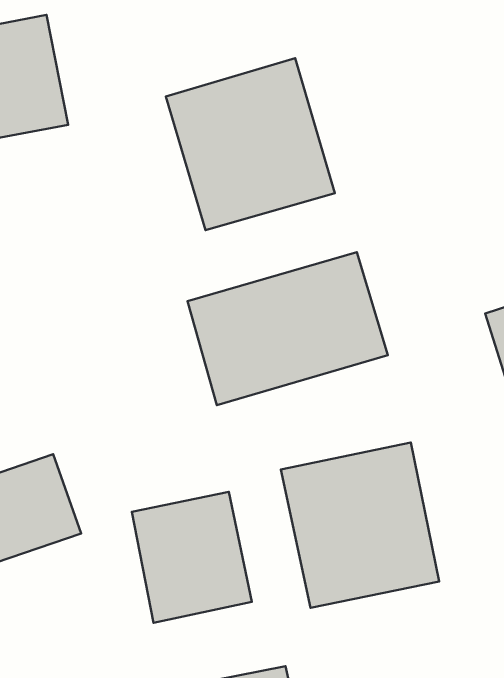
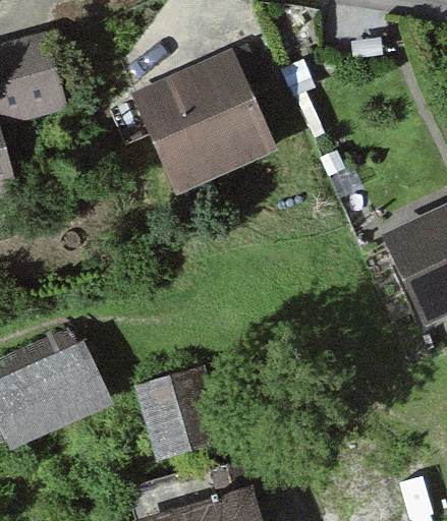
building: [187,252,388,405] -> none
building: [281,442,439,608] -> none

